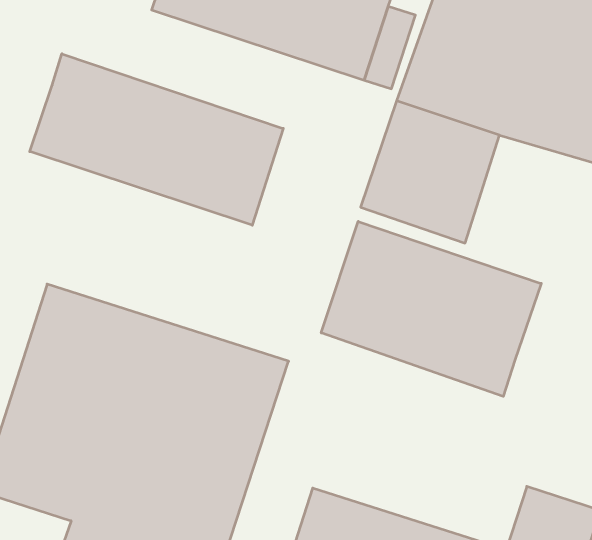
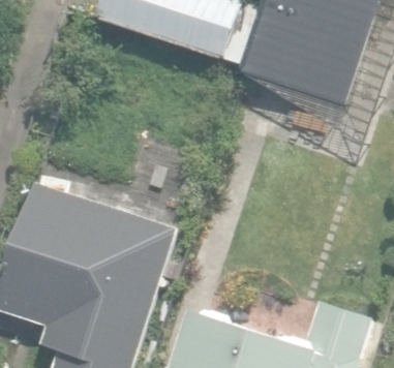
building: [30,54,283,225] -> none
building: [321,221,541,396] -> none

